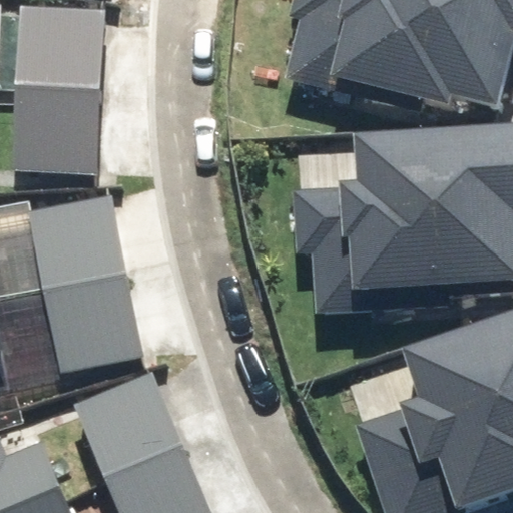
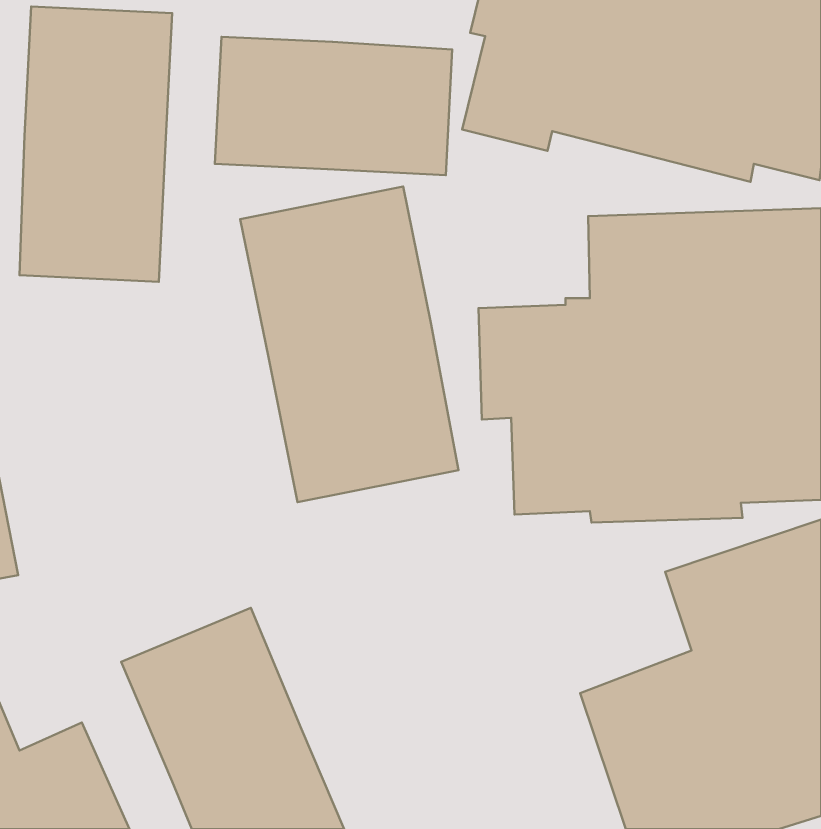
building: none -> [215,37,452,175]
building: none -> [240,187,458,502]
building: [27,194,145,375] -> none

